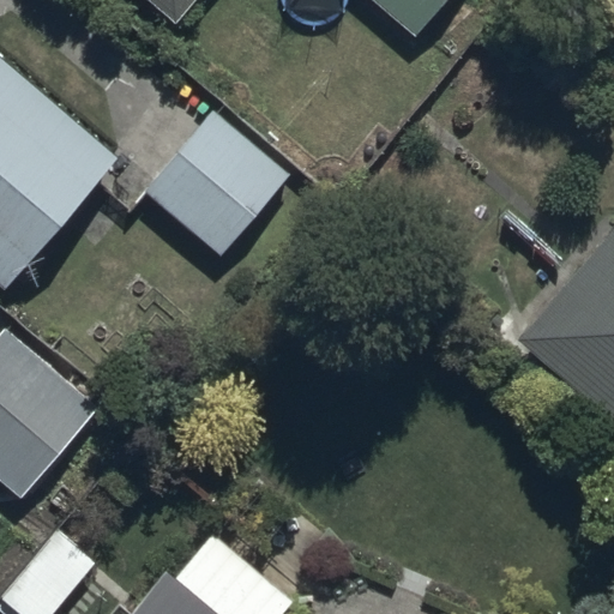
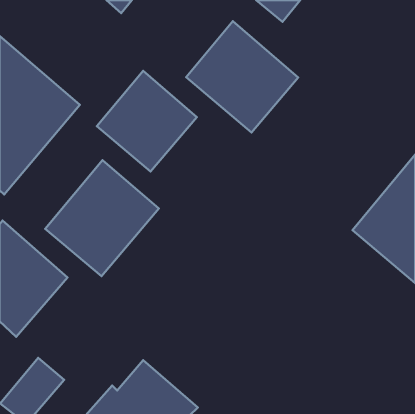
building: none -> [186,21,298,132]
building: none -> [45,160,159,276]

